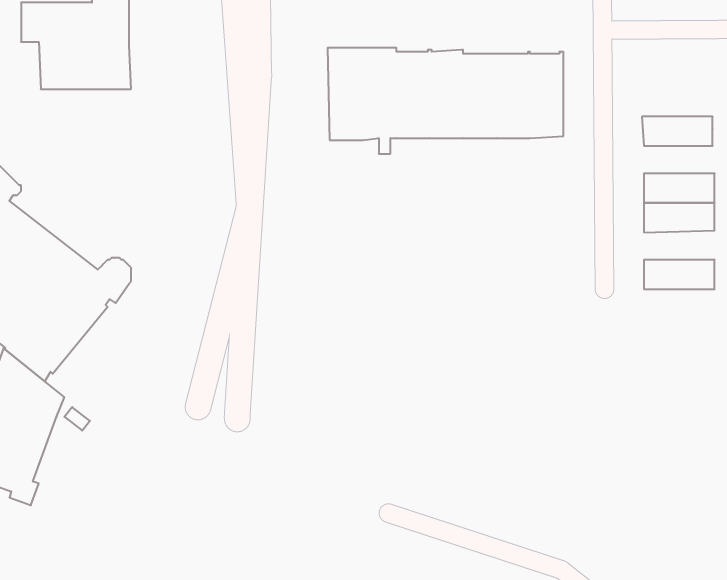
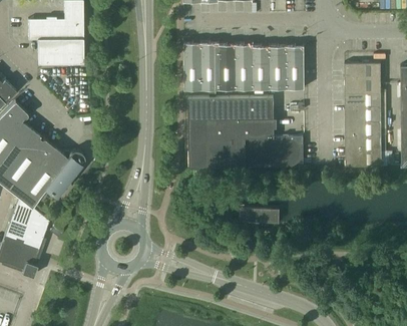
building: none -> [344,63,380,78]
building: none -> [345,93,381,107]
building: none -> [187,97,303,169]
building: none -> [345,136,381,151]
building: none -> [240,206,280,228]

